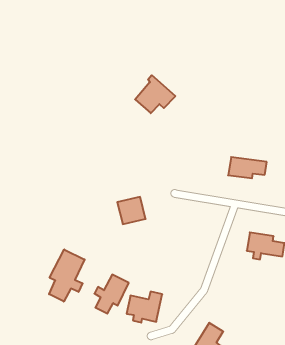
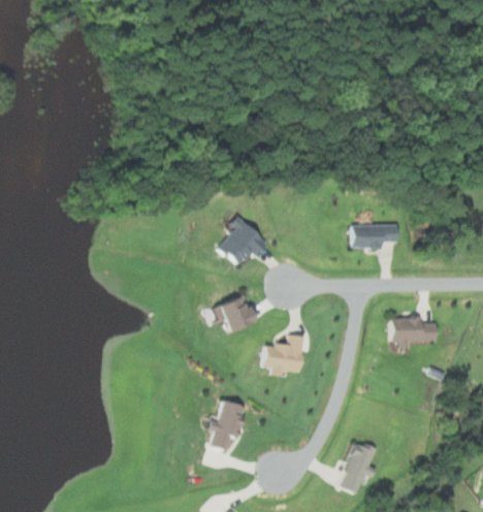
building: [135,75,175,113] -> [218,217,268,265]
building: [49,249,85,302] -> none
building: [127,292,162,323] -> [262,334,303,376]

